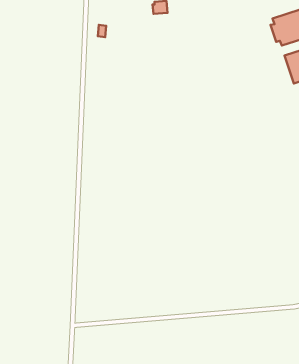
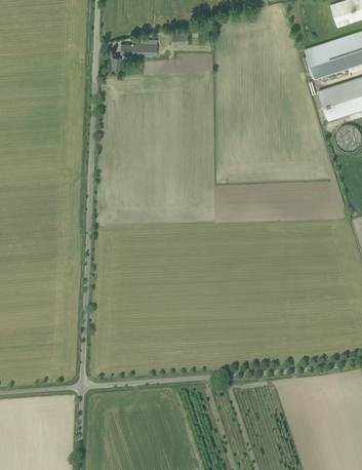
building: none -> [120,39,157,56]

